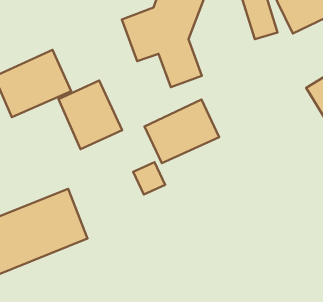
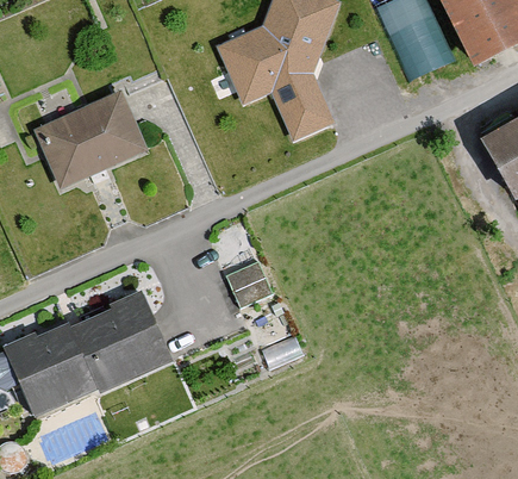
building: [58,80,122,149] -> none
building: [144,99,219,163] -> none

